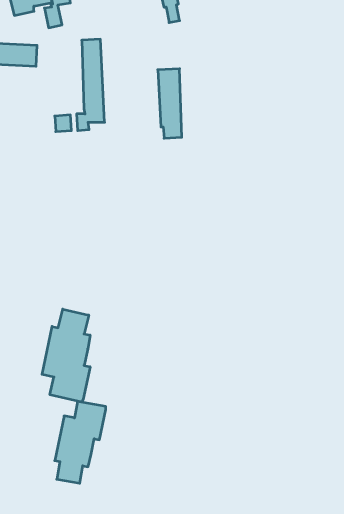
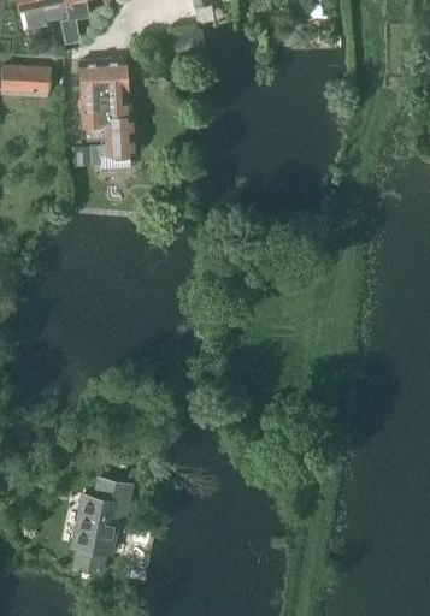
building: [158,69,182,138] -> [77,60,105,141]
building: [42,309,90,402] -> none

